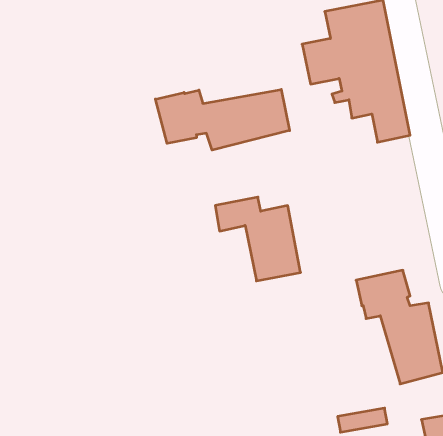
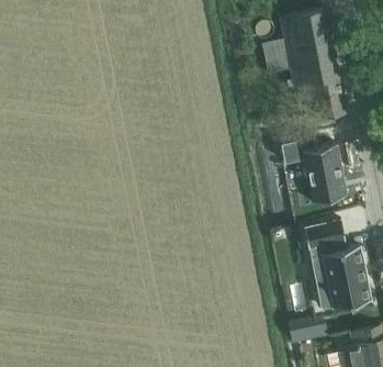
building: [155,89,290,150] -> none
building: [215,197,301,281] -> [282,137,348,202]

